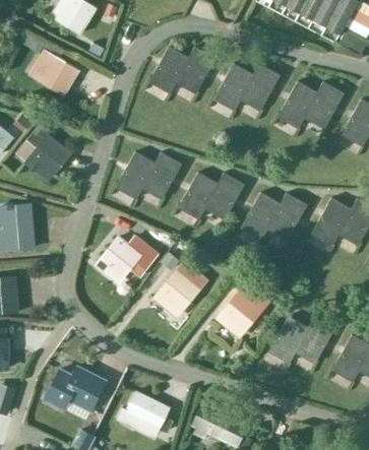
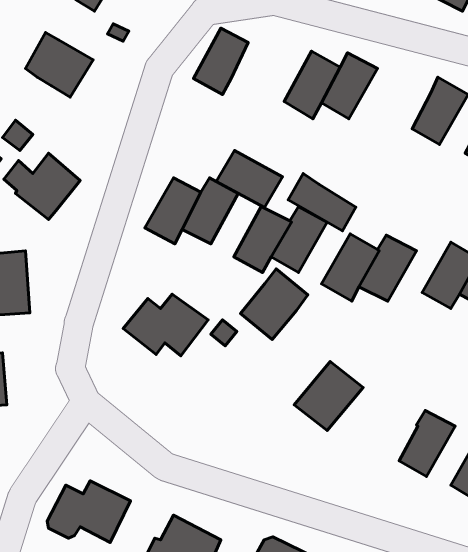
building: [176,47,216,93] -> none
building: [278,81,317,128] -> none
building: none -> [216,151,283,208]
building: none -> [288,174,356,231]
building: [159,261,206,311] -> [240,269,308,339]
building: [267,316,308,364] -> none

